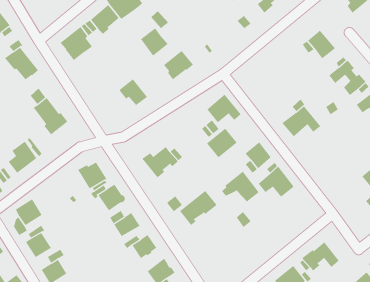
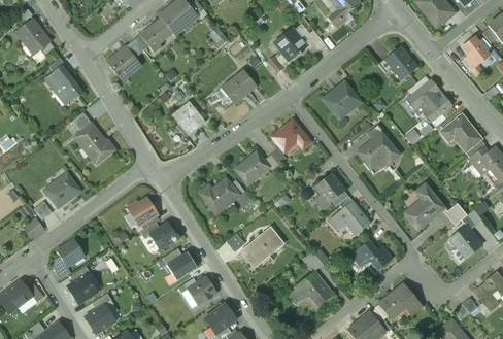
building: none -> [275,27,307,59]
building: [140,27,169,56] -> none
building: none -> [323,81,361,115]
building: [206,128,237,158] -> [234,150,269,184]
building: none -> [404,183,444,229]
building: [221,171,260,202] -> [290,270,333,305]
building: none -> [349,239,393,269]

